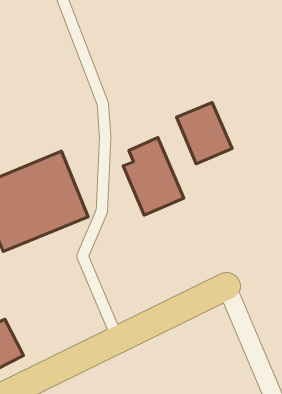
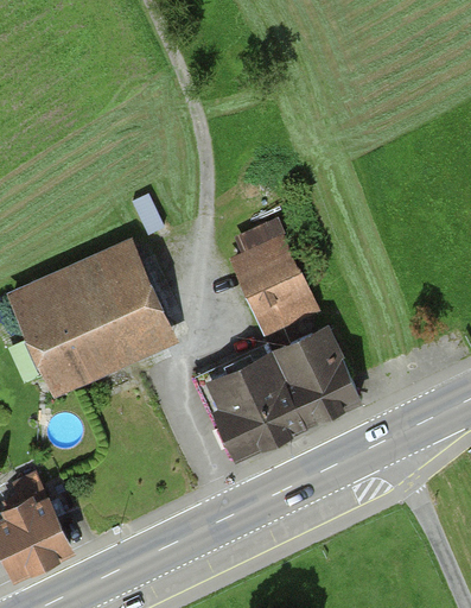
building: [176,102,232,164] -> none
building: none -> [191,329,348,460]

